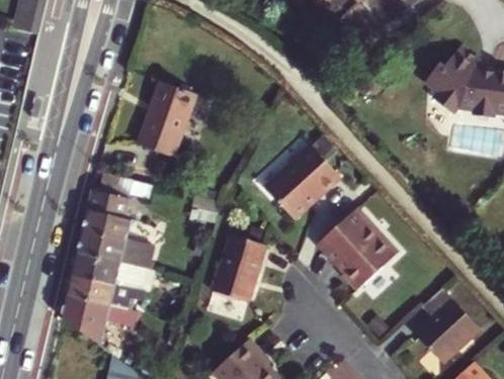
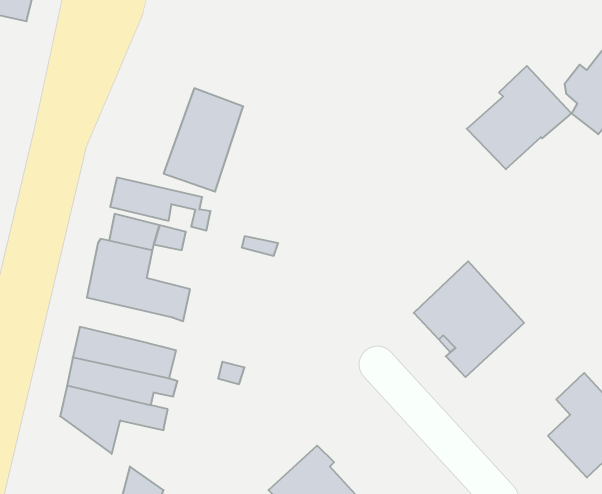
building: [265,144,341,218] -> [467,66,572,169]
building: [77,232,150,271] -> [110,178,211,231]
building: [214,238,265,303] -> none

